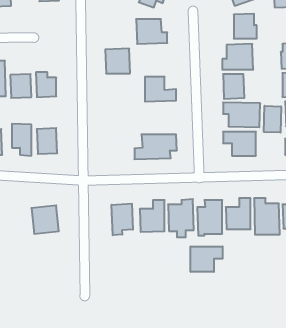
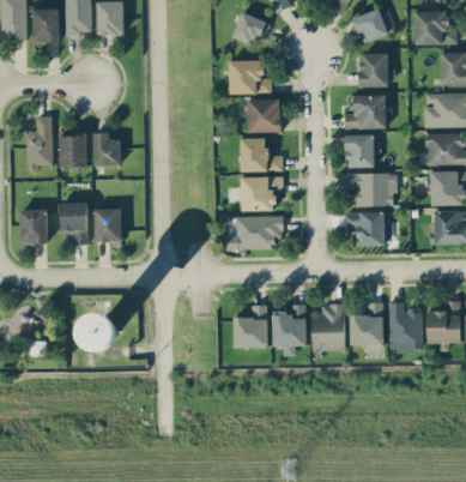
building: [105,49,130,73] -> [248,98,282,132]
building: none -> [241,176,283,210]
building: [264,106,281,133] -> none
building: [112,204,133,235] -> none
building: [191,246,223,272] -> none

